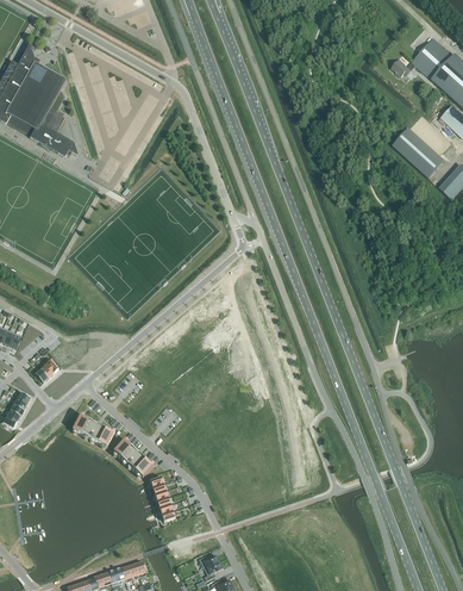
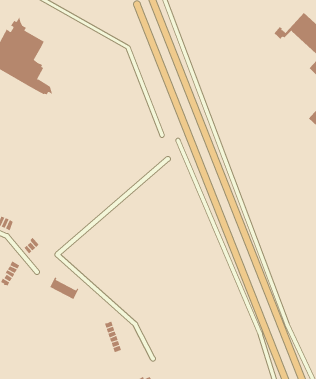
building: [393,127,444,178] -> none
building: [113,437,154,477] -> none

